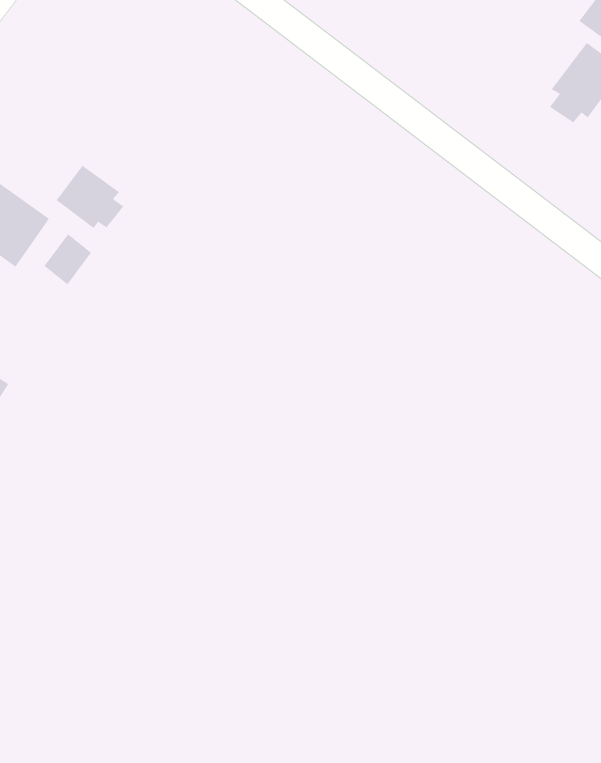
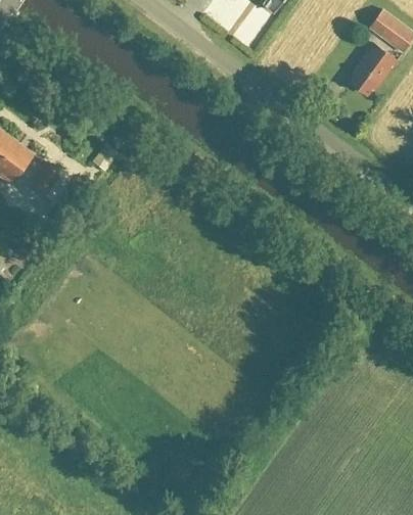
building: [56,165,124,229] -> none

